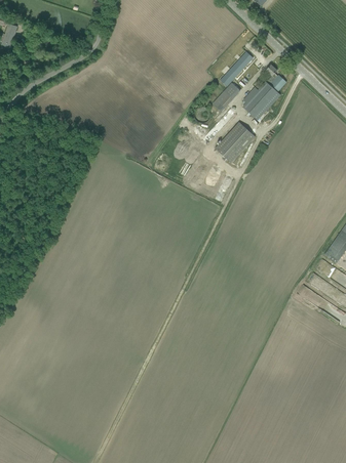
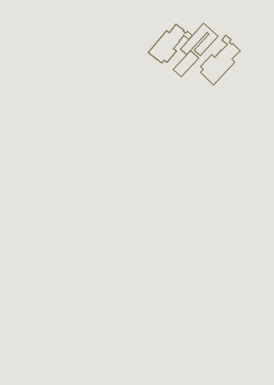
building: none -> [148,24,192,63]
building: [215,123,255,164] -> none

